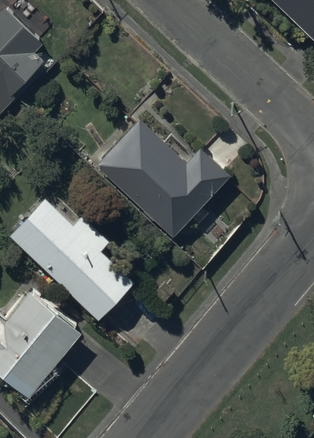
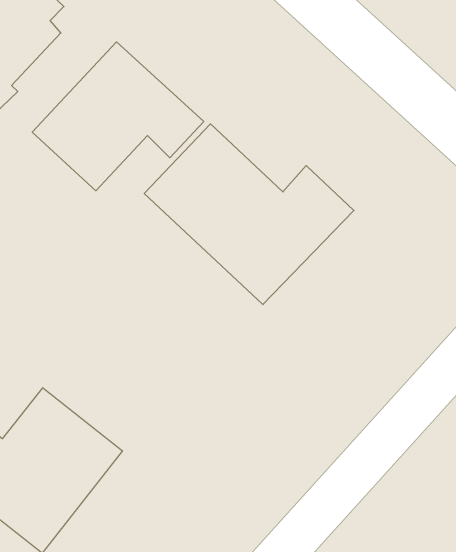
building: none -> [32,42,204,191]
building: [11,200,135,320] -> none

